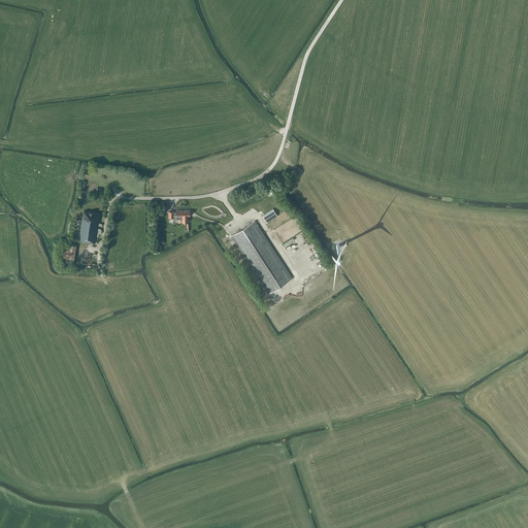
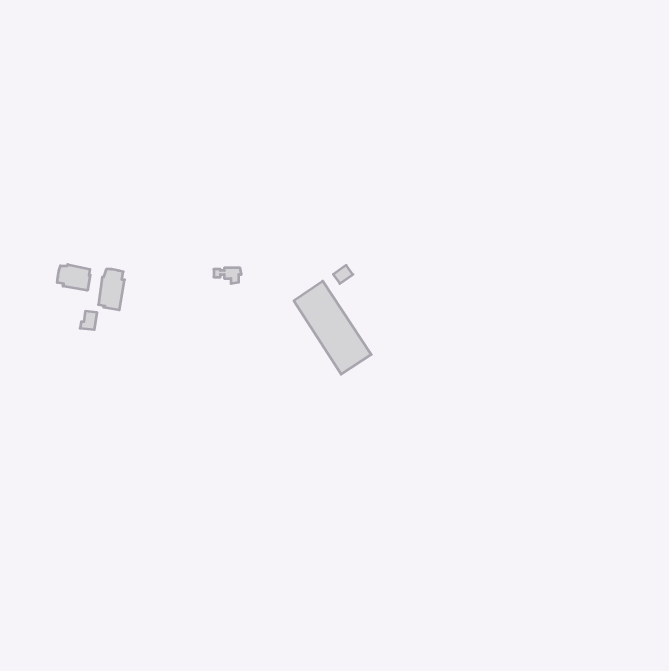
building: none -> [57,264,90,290]

